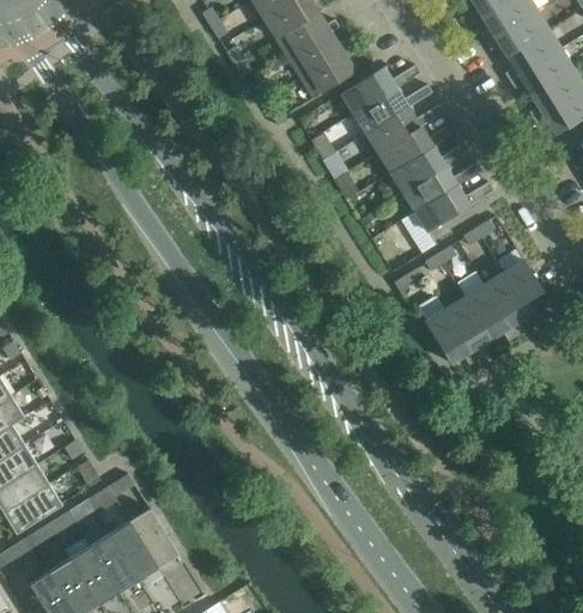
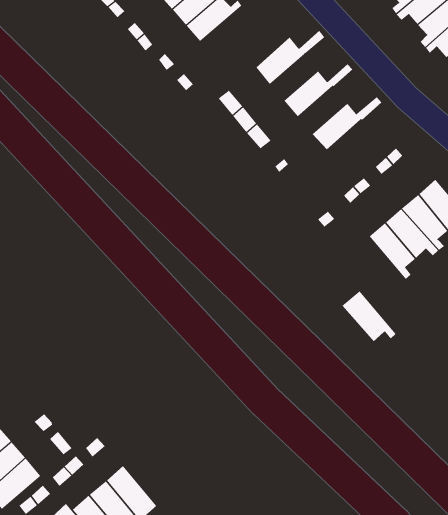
building: [299,45,354,98] -> none
building: [340,65,419,113] -> none
building: [365,104,443,152] -> none
building: [389,142,468,192] -> none
building: [414,182,492,231] -> none
building: [423,308,475,364] -> [342,290,396,342]

